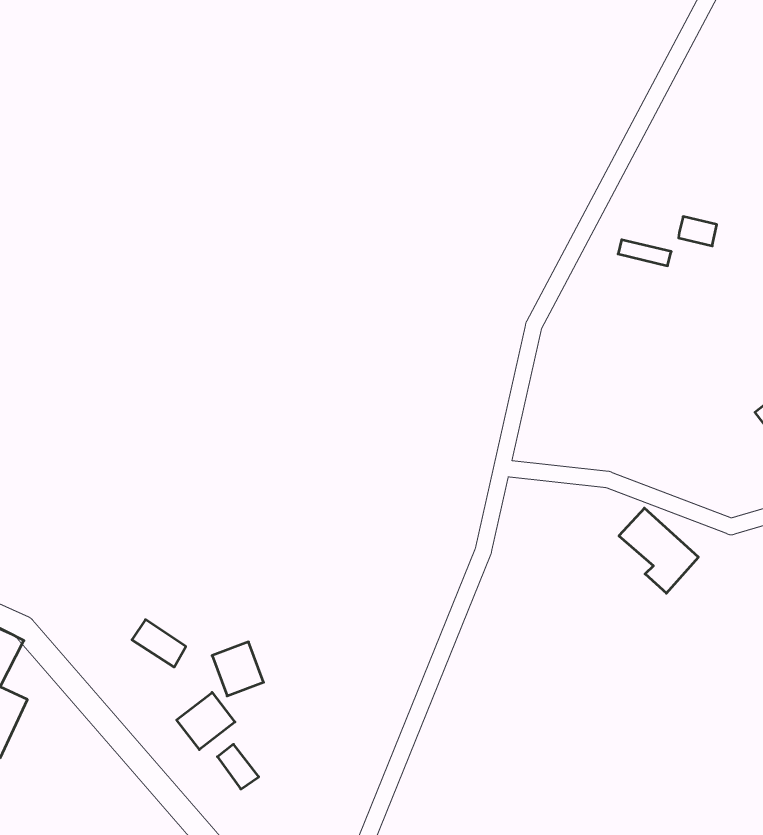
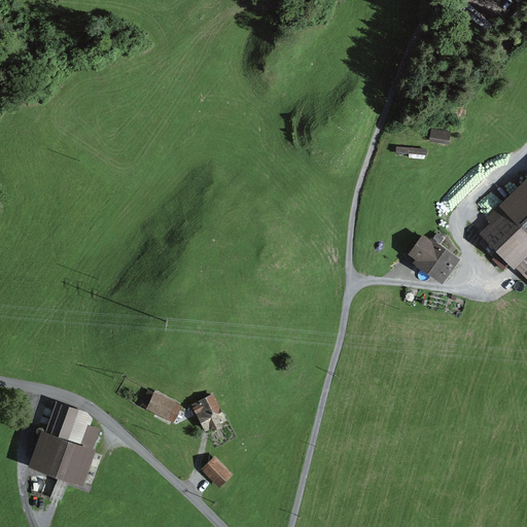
building: [619,508,698,593] -> [409,236,455,282]
building: [177,692,235,750] -> none

